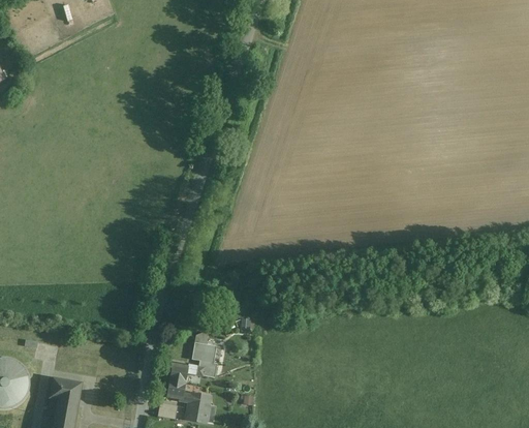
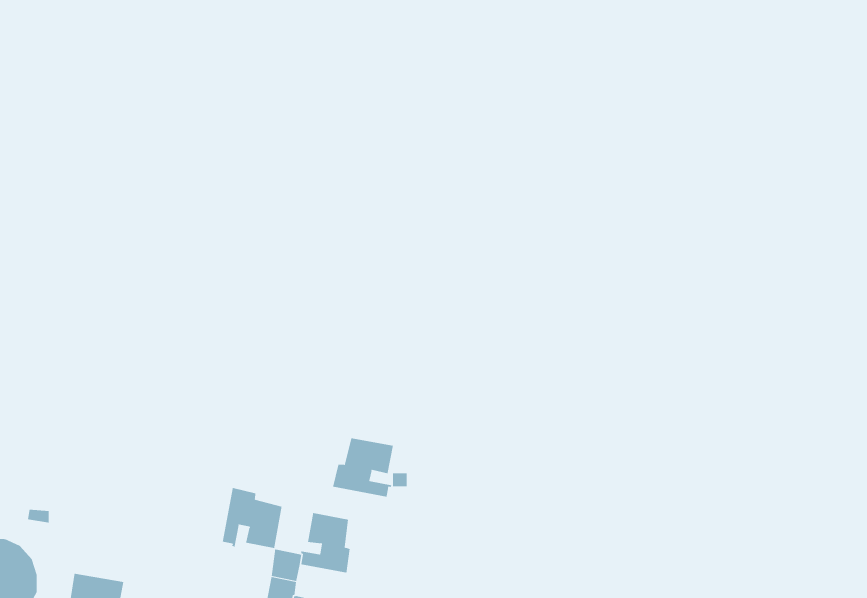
building: none -> [333,438,393,497]
building: none -> [222,487,282,549]

